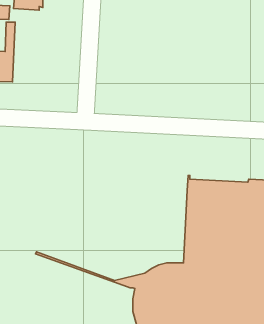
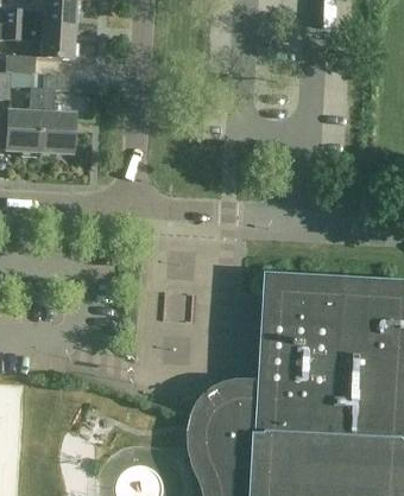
building: none -> [38,75,74,154]

